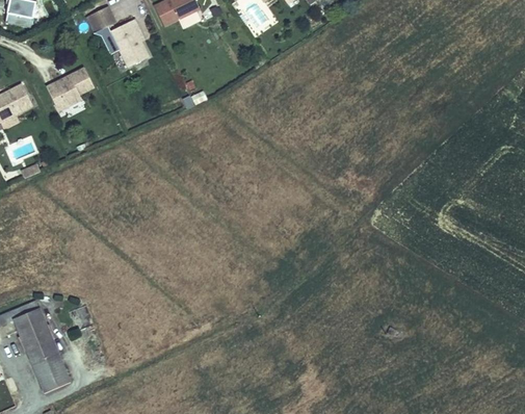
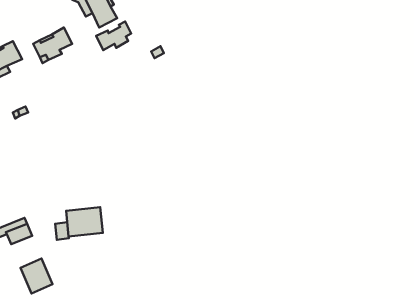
building: none -> [96,22,131,50]
building: none -> [66,207,103,236]
building: [19,321,56,361] -> none

